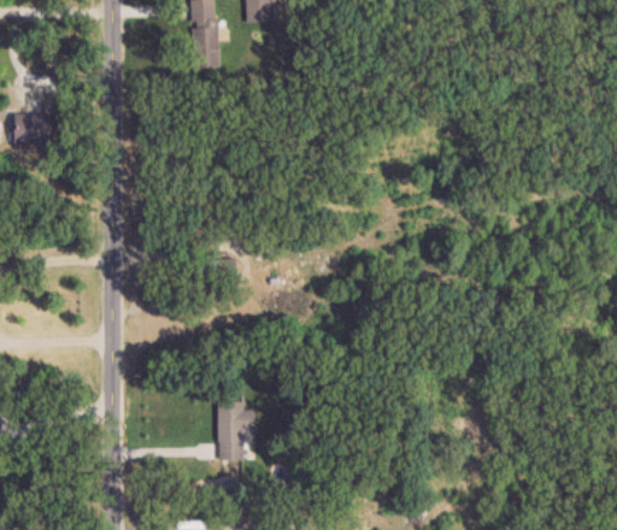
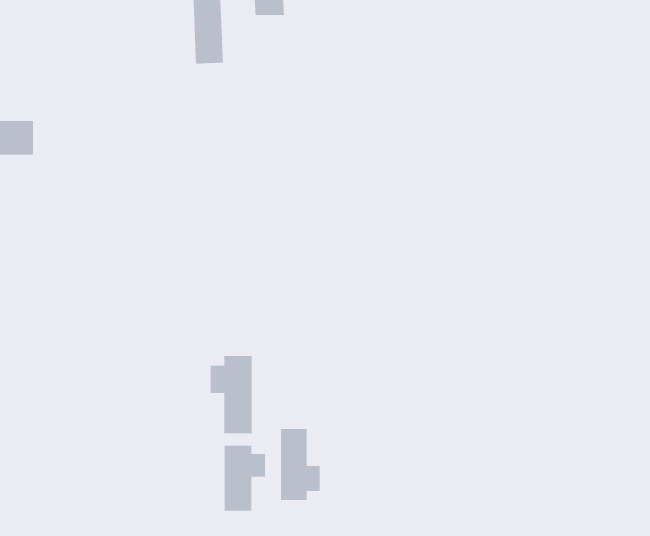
building: none -> [210,355,253,434]
building: none -> [280,428,320,501]

